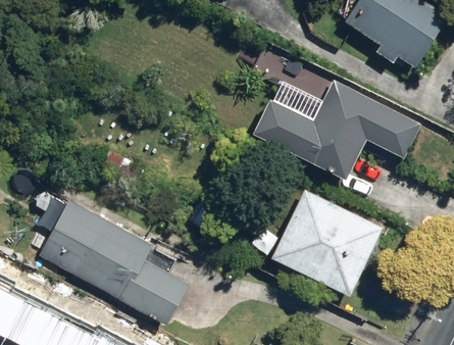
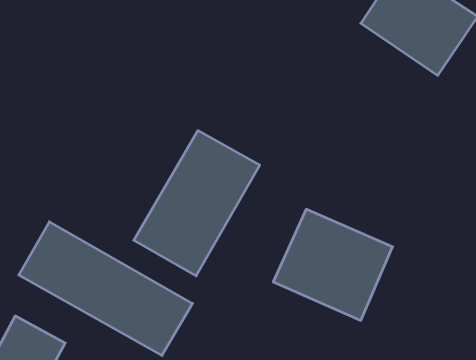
building: [252,82,419,183] -> none
building: none -> [134,131,260,276]

